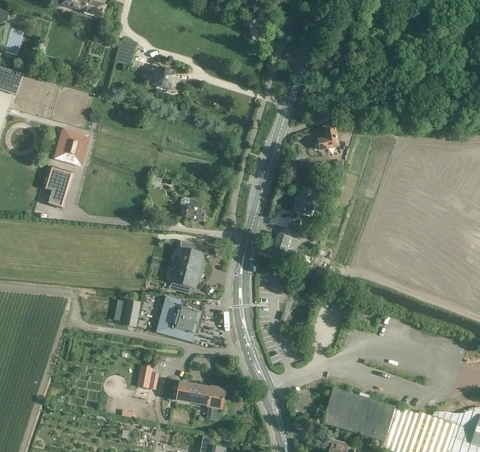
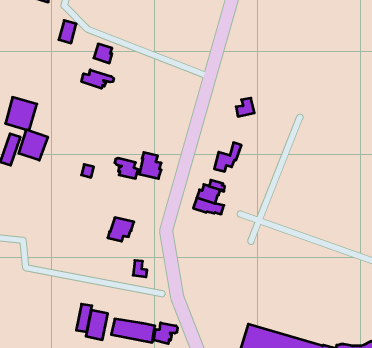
building: none -> [82,70,114,88]
building: none -> [19,130,48,160]
building: [179,241,204,271] -> [139,152,161,179]
building: [113,295,140,327] -> none
building: [156,296,201,341] -> none
building: none -> [154,323,178,344]

